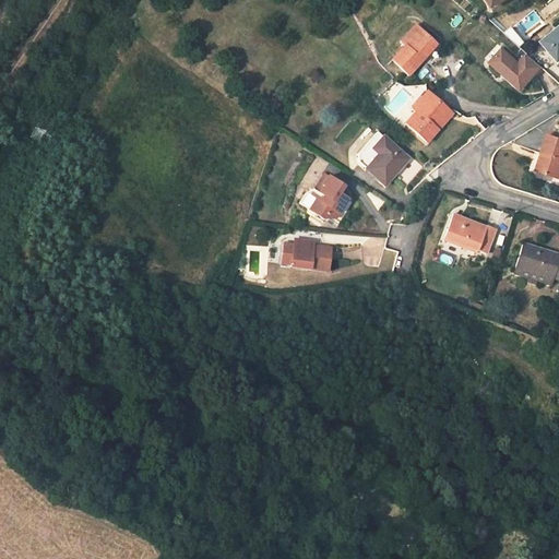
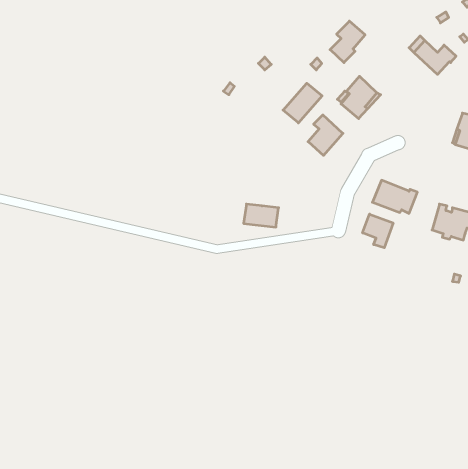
building: none -> [283,83,322,123]
building: [300,174,349,218] -> none
building: none -> [363,214,393,248]

